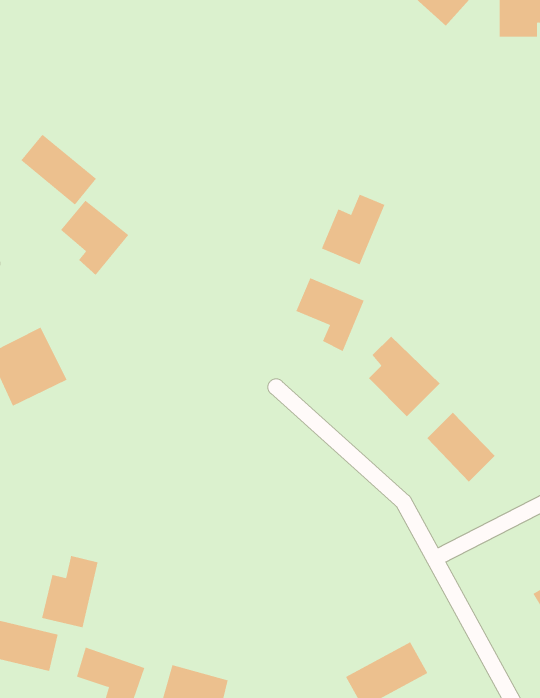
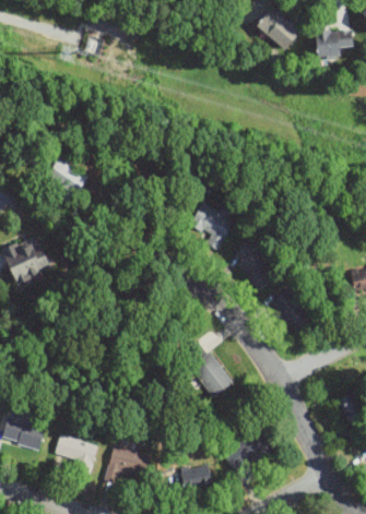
building: [20,134,97,205] -> none
building: [321,194,385,265] -> none
building: none -> [181,337,232,396]
building: [42,555,98,628] -> none

